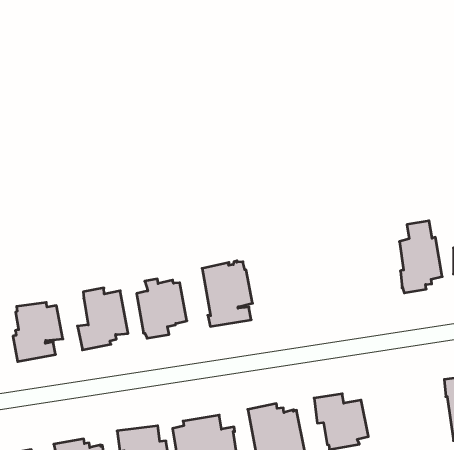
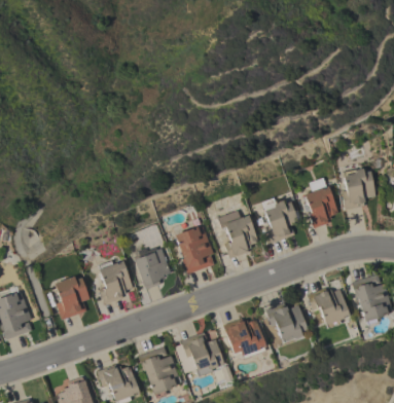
building: none -> [262,197,297,244]
building: none -> [217,210,257,259]
building: none -> [307,288,349,328]

